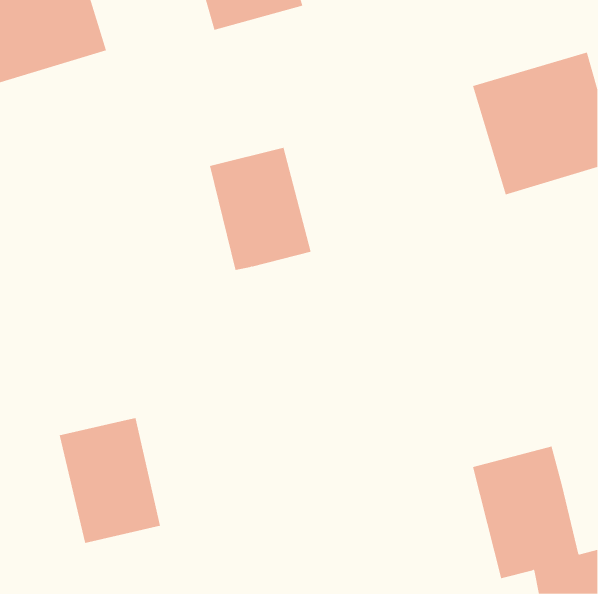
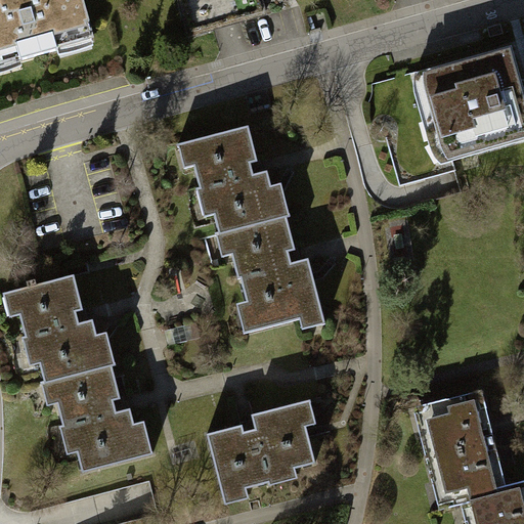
building: none -> [219,214,318,332]
building: none -> [16,274,104,382]
building: none -> [208,395,317,499]

